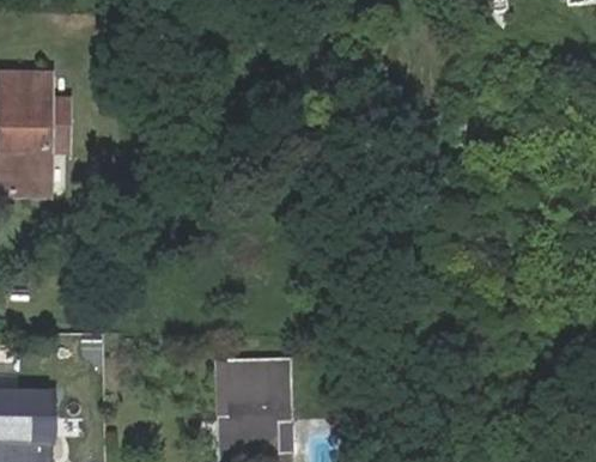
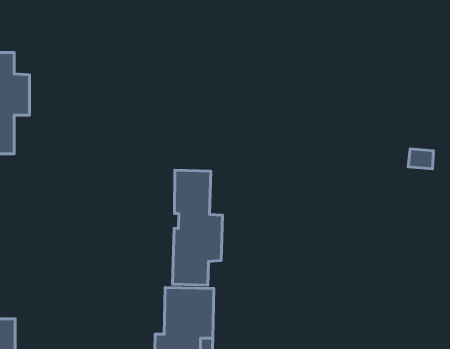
building: none -> [173,170,222,285]

